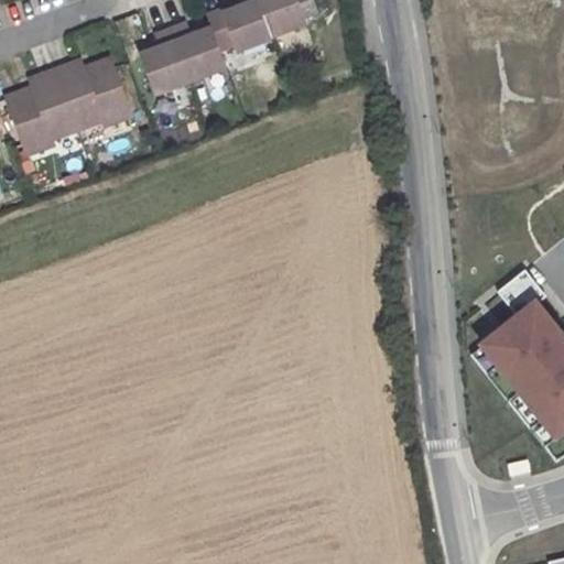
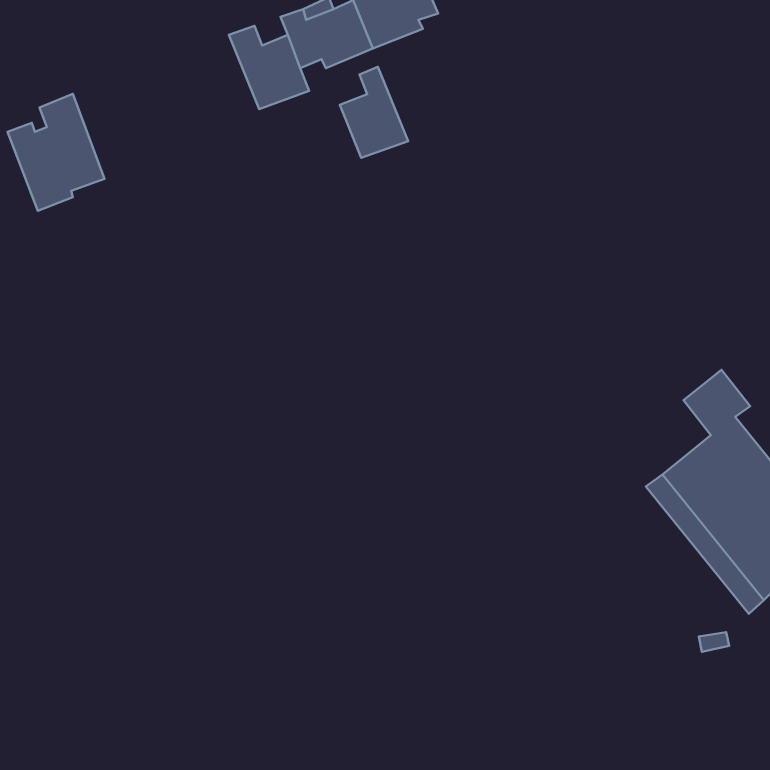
building: [142,25,192,91] -> [340,67,408,158]
building: [56,56,135,130] -> none

